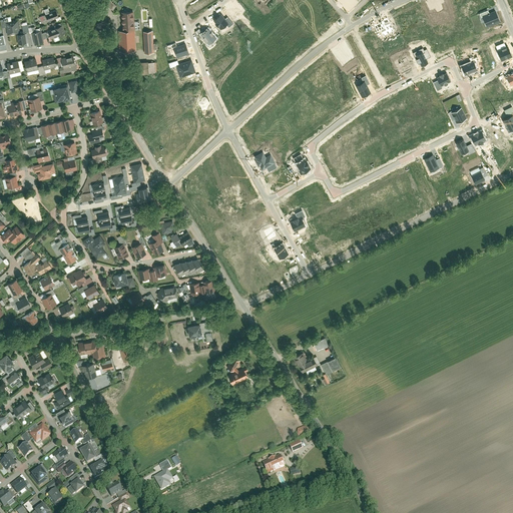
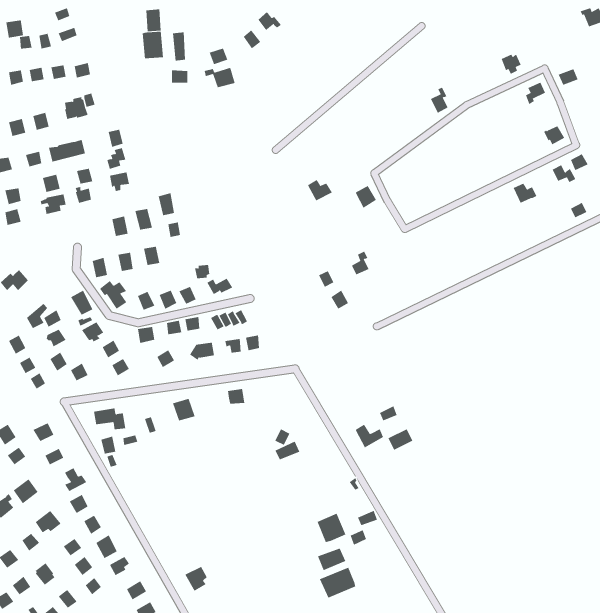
building: none -> [317,513,346,543]
building: none -> [319,567,356,598]

